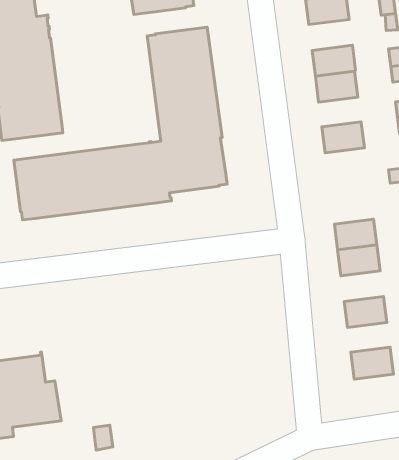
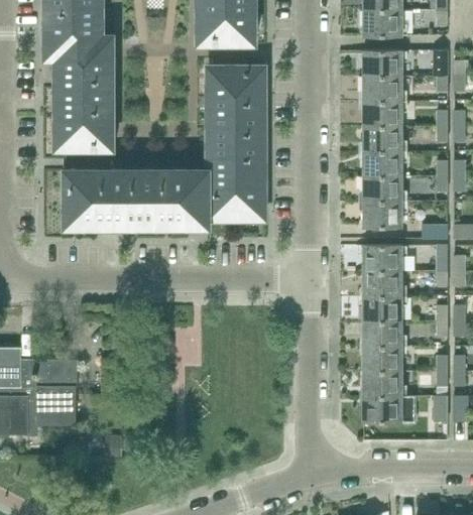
building: none -> [363,77,402,102]
building: none -> [363,152,401,176]
building: none -> [363,202,401,228]
building: none -> [363,246,401,271]
building: none -> [363,321,401,347]
building: none -> [363,372,401,396]

